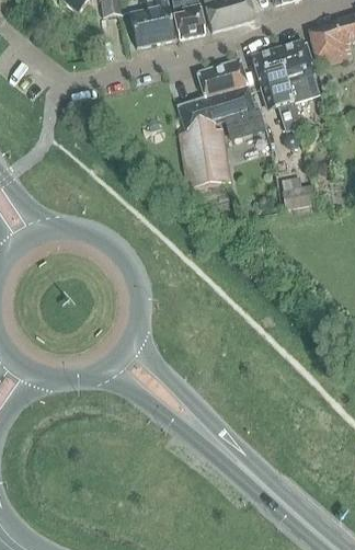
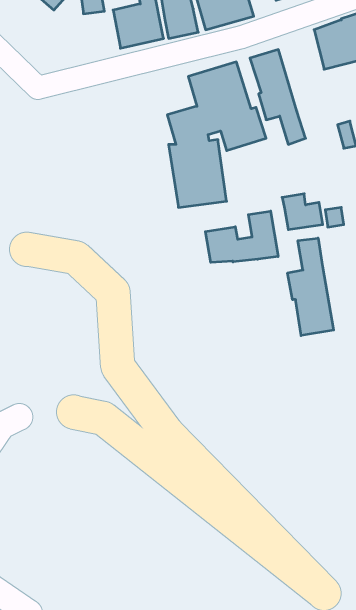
building: [276,39,319,103] -> none
building: none -> [205,211,278,262]
building: none -> [288,238,334,336]

